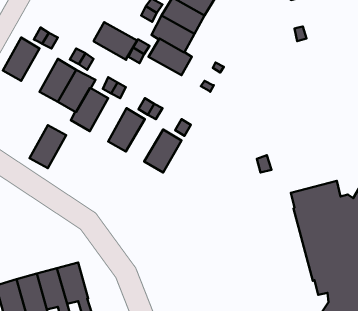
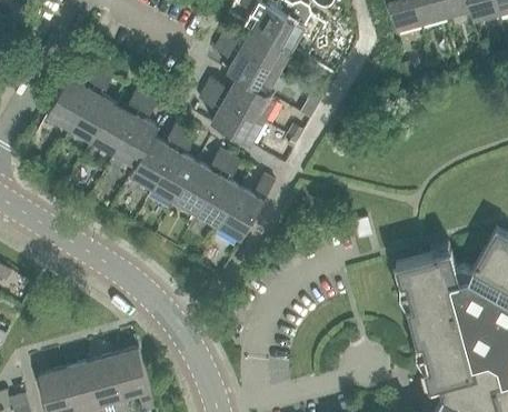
building: [94,22,137,60] -> [211,100,263,145]
building: none -> [69,90,113,142]
building: none -> [196,175,241,227]
building: [29,125,66,168] -> [152,150,197,202]

